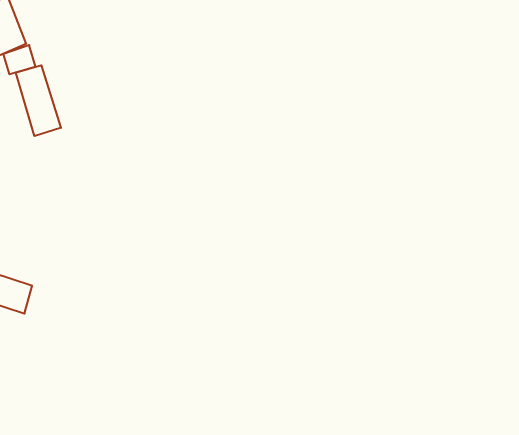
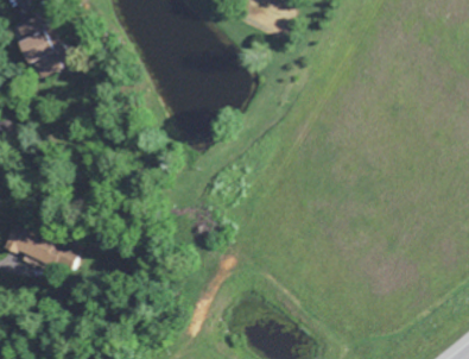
building: [16,65,61,136] -> none

